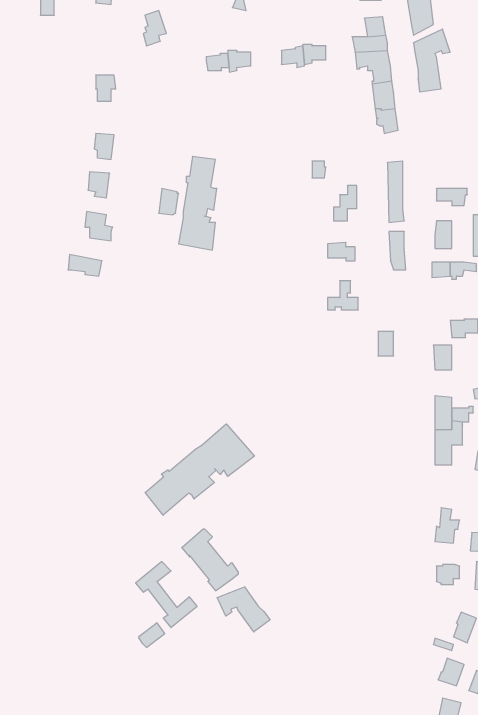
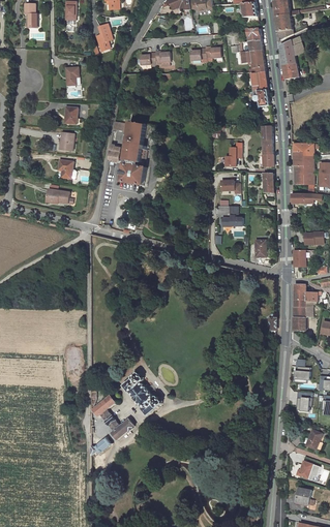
building: none -> [295,152,313,184]
building: [145,424,254,515] -> none
building: [217,587,270,632] -> none

